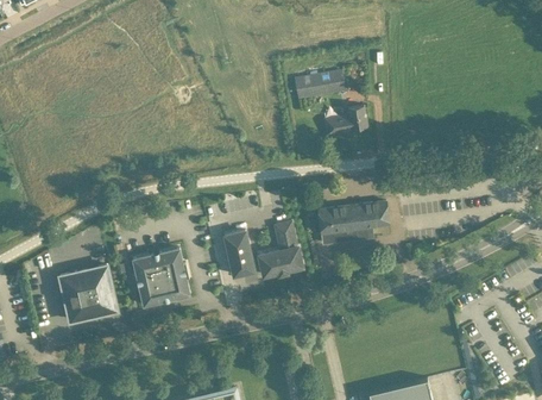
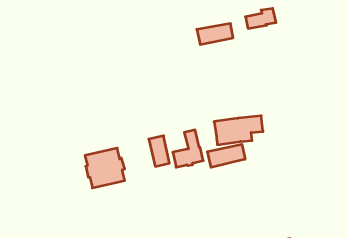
building: [323,107,367,136] -> [245,8,276,28]
building: none -> [207,144,245,167]
building: [59,267,116,323] -> none

